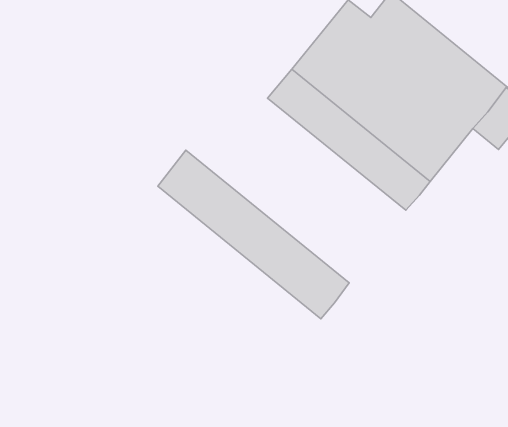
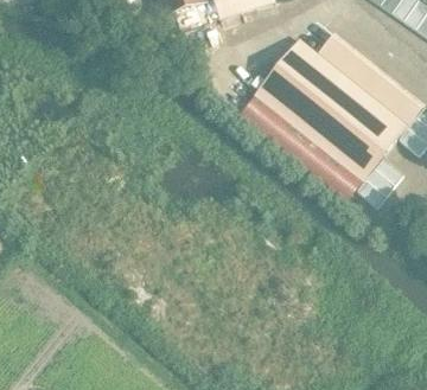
building: [158,150,349,319] -> none
building: none -> [356,158,402,206]

